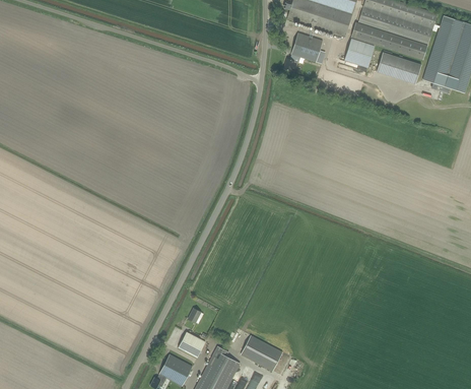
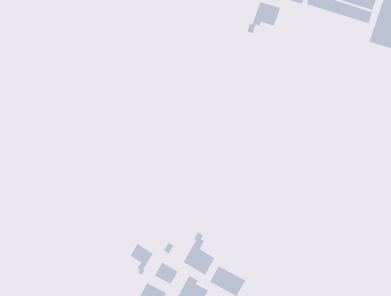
building: [344,39,375,68] -> none
building: [376,55,421,86] -> none
building: none -> [183,231,215,276]
building: none -> [130,243,154,276]

